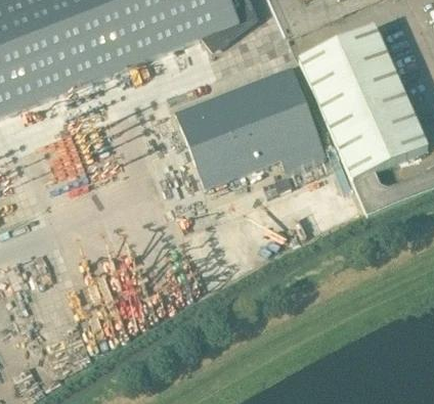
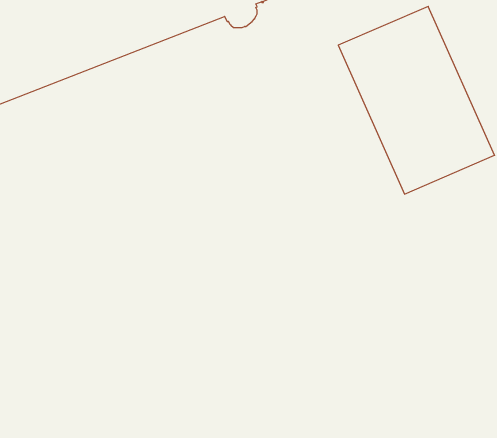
building: [175,66,326,188] -> none

